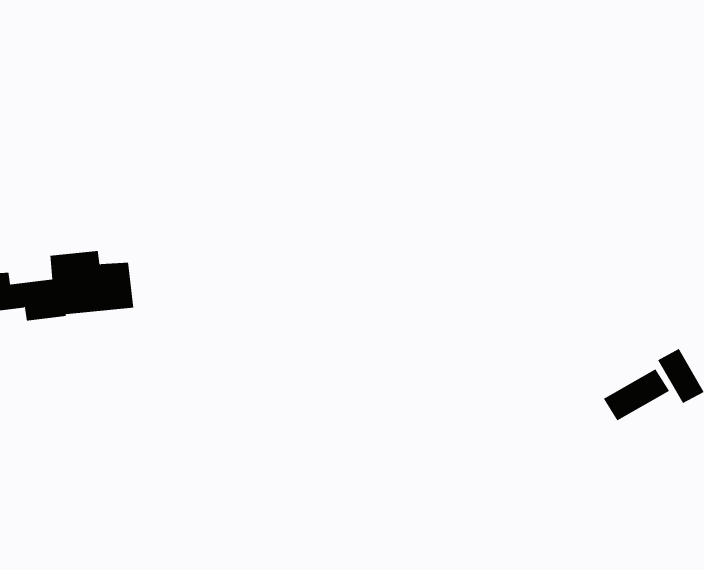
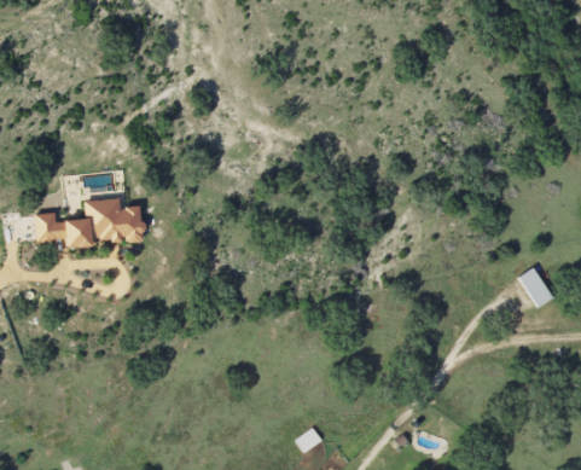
building: [603,368,670,421] -> none

